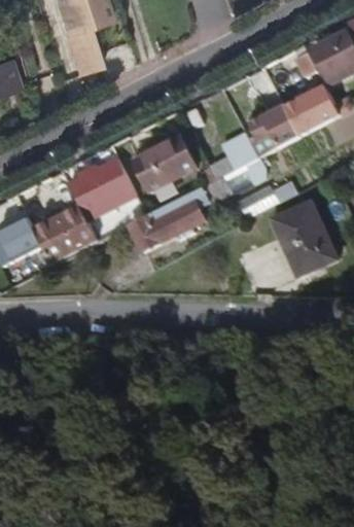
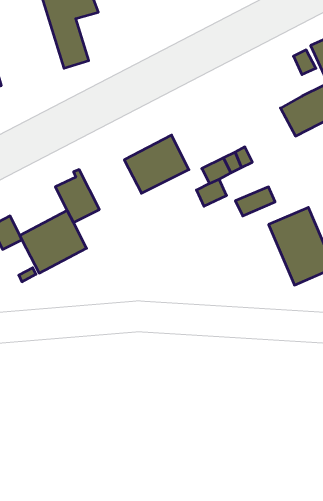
building: [251,107,297,145] -> none
building: [91,157,135,204] -> none
building: [129,198,206,252] -> none

